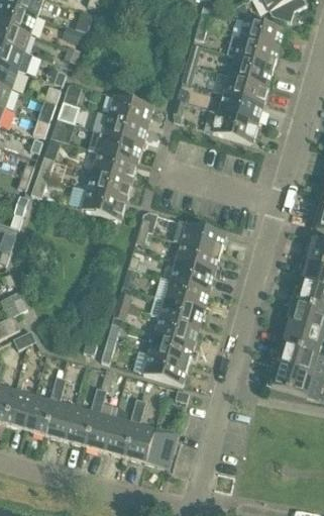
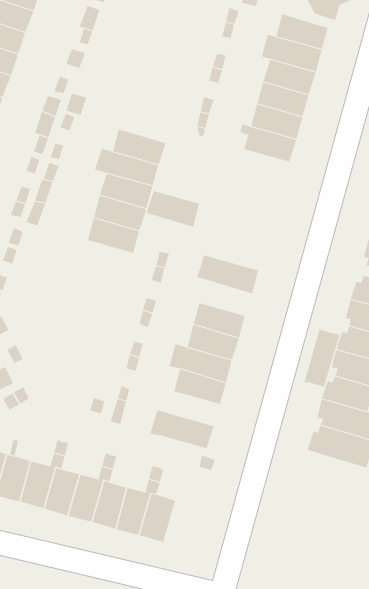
building: [108,94,153,125] -> [146,190,200,228]
building: [176,240,221,271] -> none
building: none -> [304,329,340,387]
building: [149,334,194,364] -> none
building: [146,426,178,468] -> none

